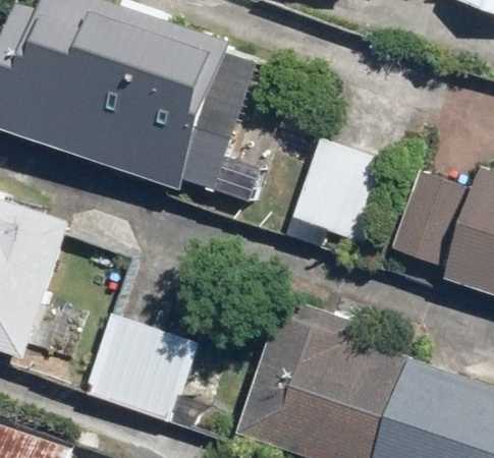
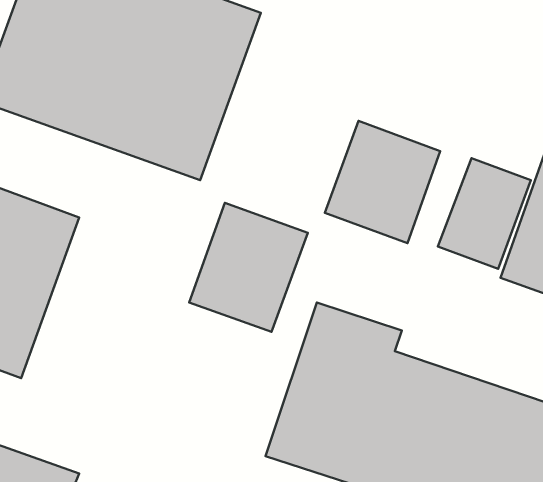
building: none -> [189,203,308,332]
building: [83,314,197,423] -> none

